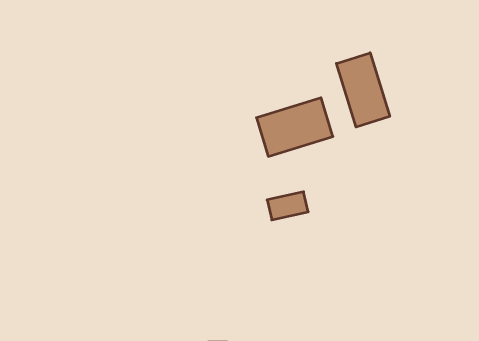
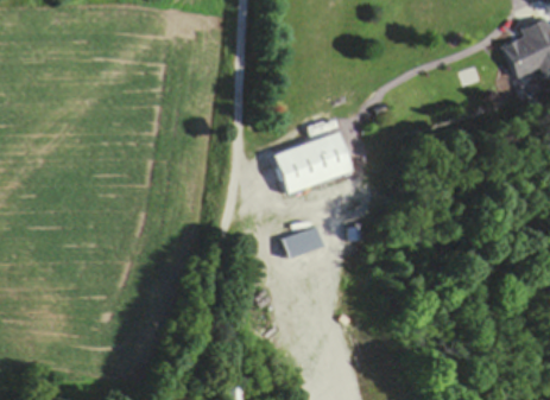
building: [336,53,390,127] -> none

